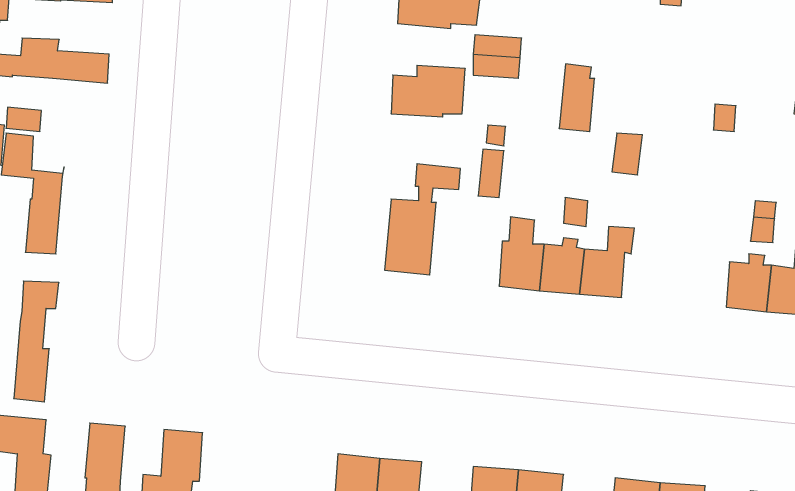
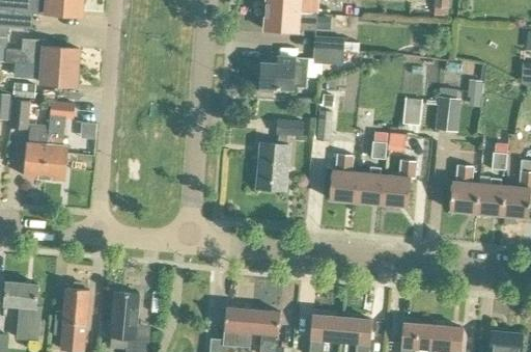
building: [559,64,595,132] -> [434,89,456,133]
building: none -> [15,62,77,85]
building: none -> [448,165,477,212]
building: [14,281,59,402] -> [44,102,73,180]

